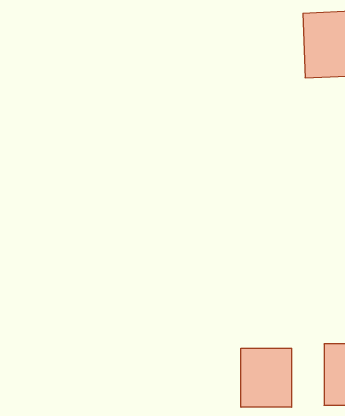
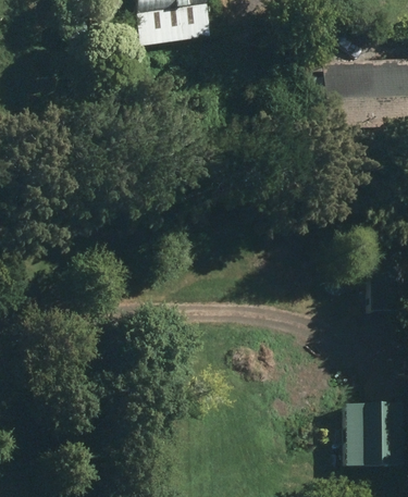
building: [241,348,292,407] -> none

